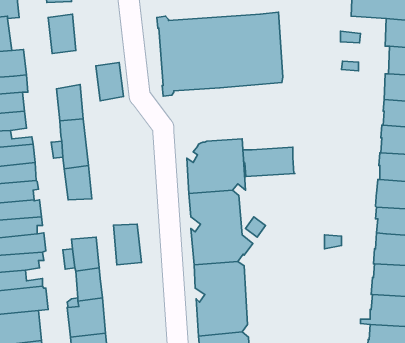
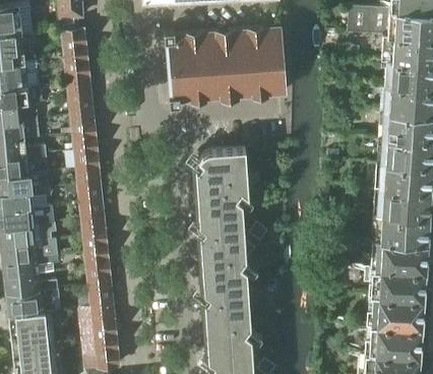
building: [96,63,124,101] -> [65,67,91,104]
building: [243,147,295,176] -> none
building: [114,224,141,265] -> [80,208,107,247]

